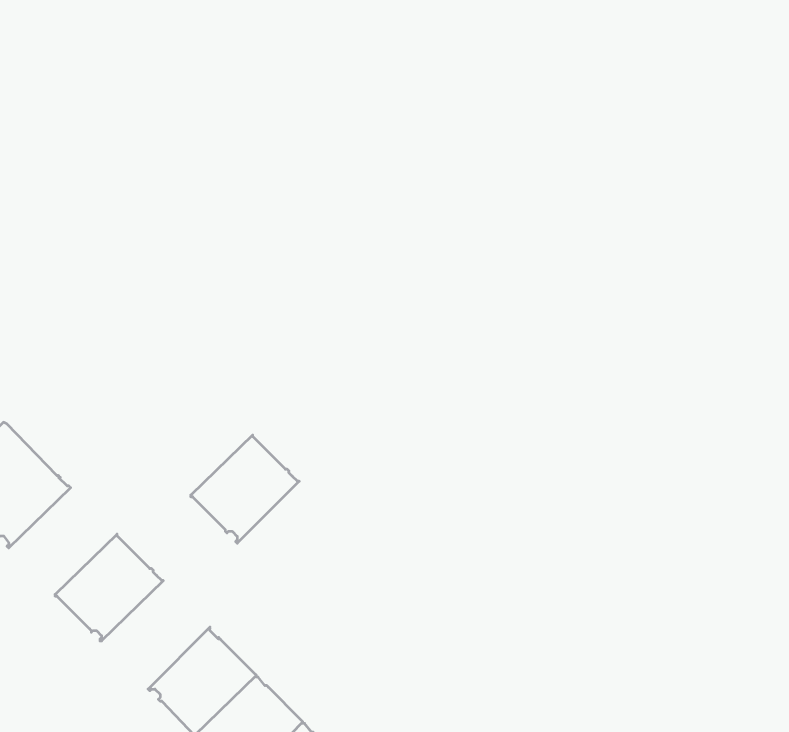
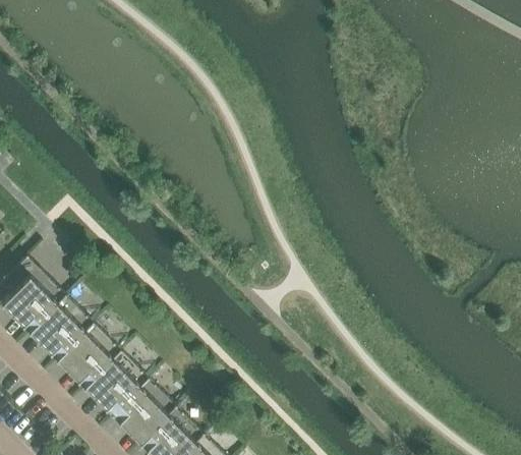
building: [191,435,299,543] -> [95,363,159,428]
building: none -> [40,308,104,372]

